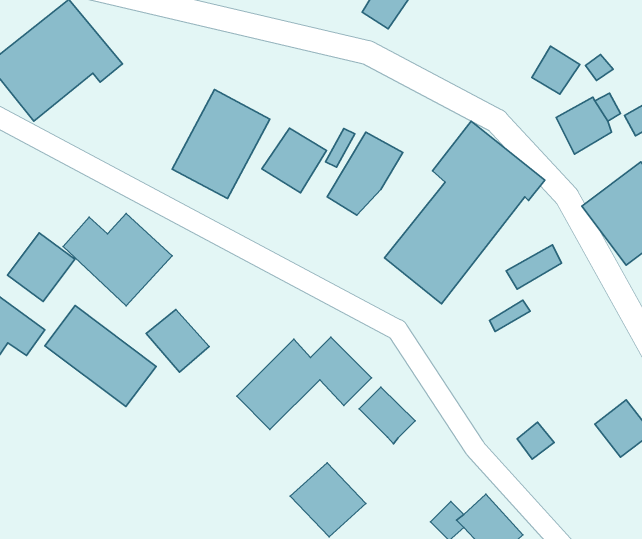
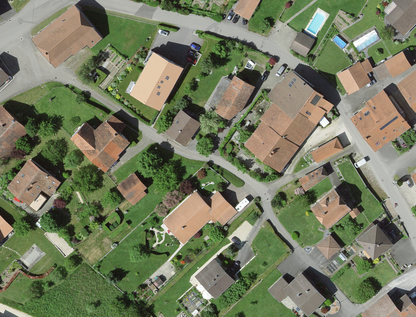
building: [532,46,580,94] -> [290,31,316,57]
building: [262,128,326,193] -> [166,113,201,148]
building: [7,233,75,301] -> none
building: [45,306,156,407] -> none
building: none -> [320,196,349,222]
building: [359,387,415,444] -> none

